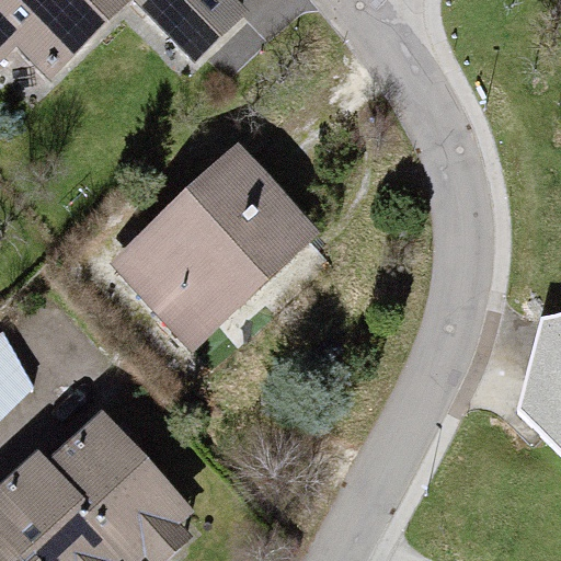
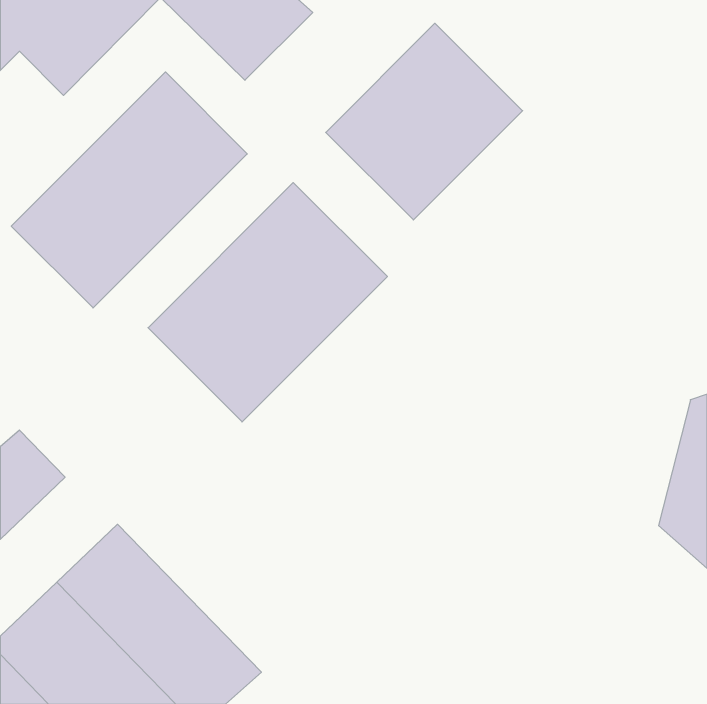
building: none -> [326,23,523,220]
building: none -> [11,72,247,308]

